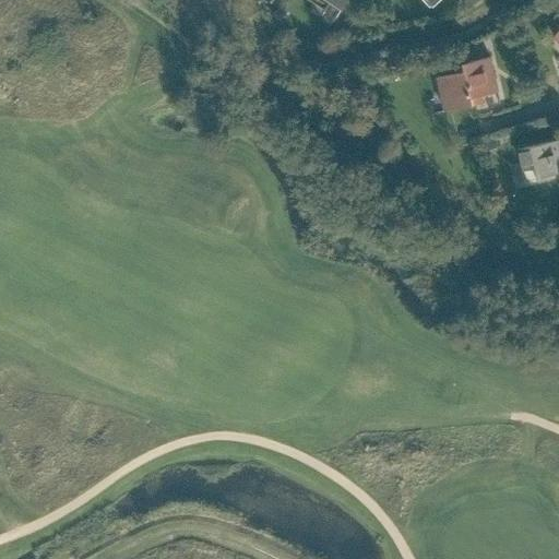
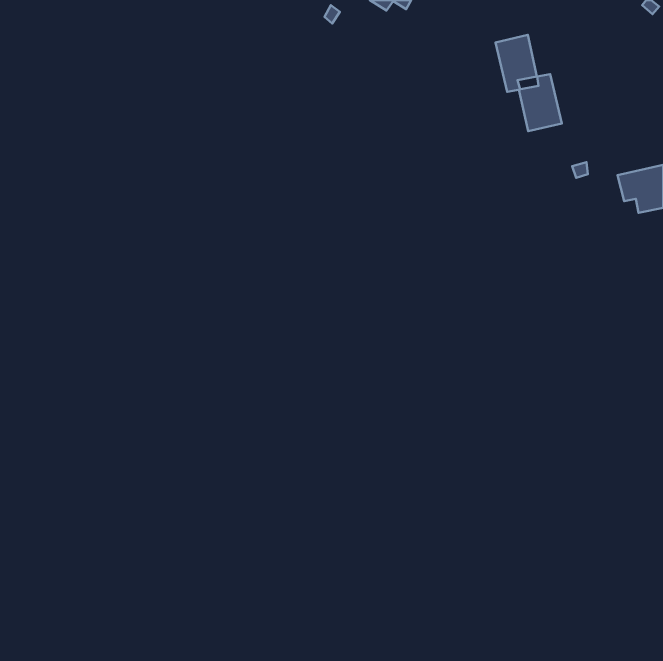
building: [463,58,498,106] -> [495,35,537,92]

